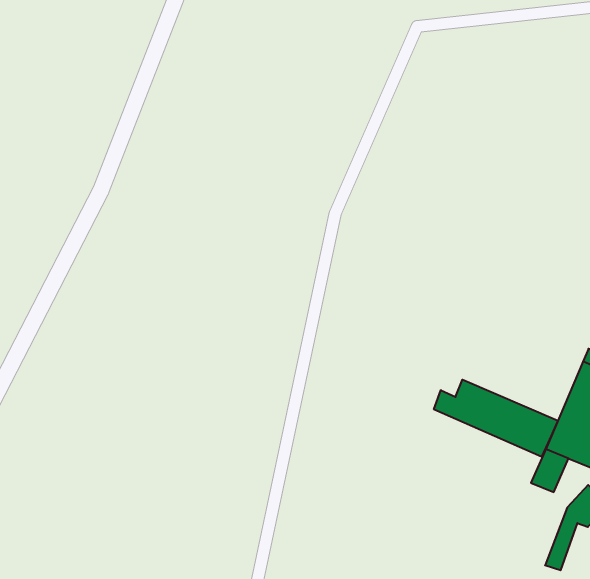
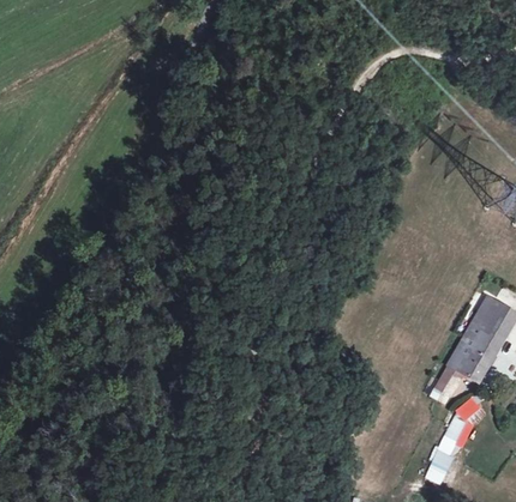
building: [434,380,558,457] -> none

